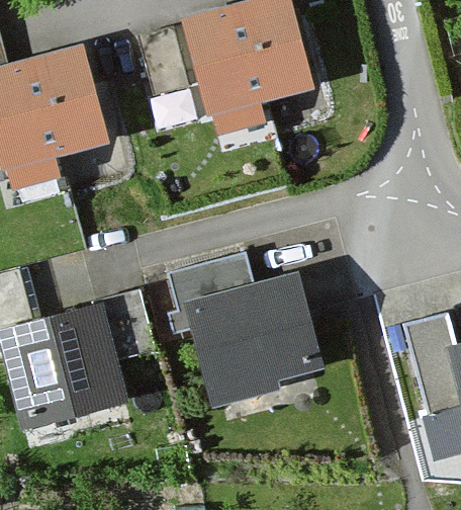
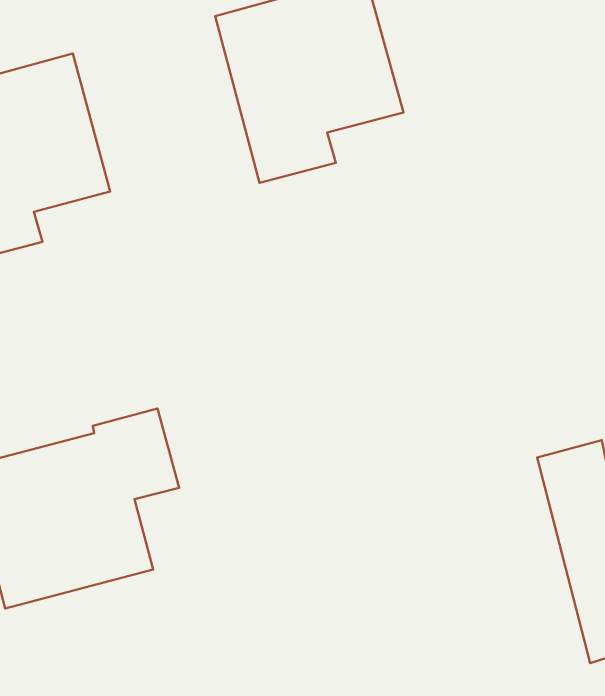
building: [167,253,330,408] -> none

